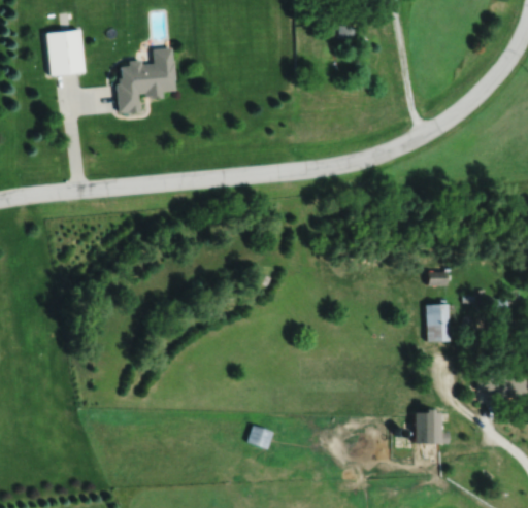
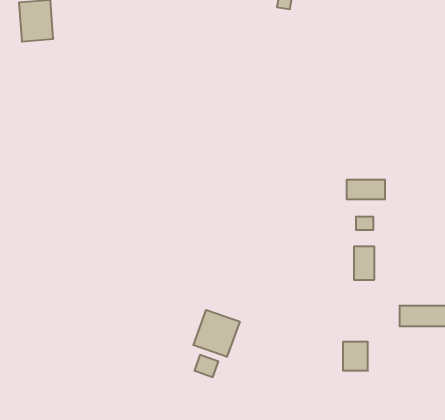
building: [120,48,178,113] -> none
building: none -> [347,180,385,199]
building: none -> [193,310,240,357]

